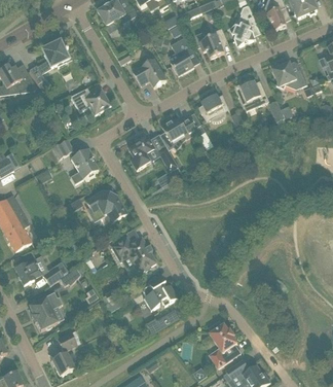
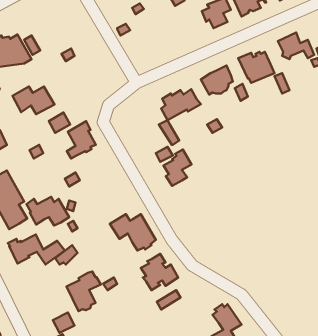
building: [171,35,194,74] -> none
building: [42,39,69,68] -> none
building: [133,58,166,86] -> none
building: [71,86,111,113] -> [13,86,54,114]
building: [128,133,155,168] -> [164,150,191,186]
building: [85,192,126,220] -> [26,197,69,226]
building: [29,290,62,328] -> [67,272,101,311]

